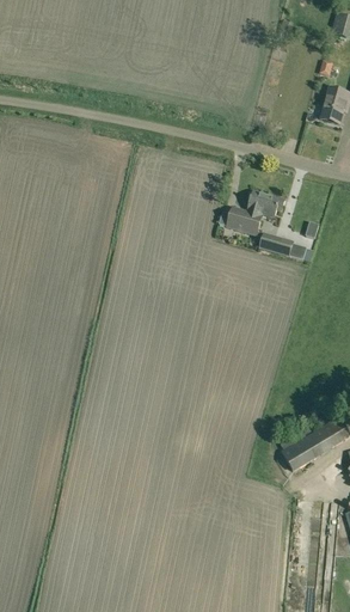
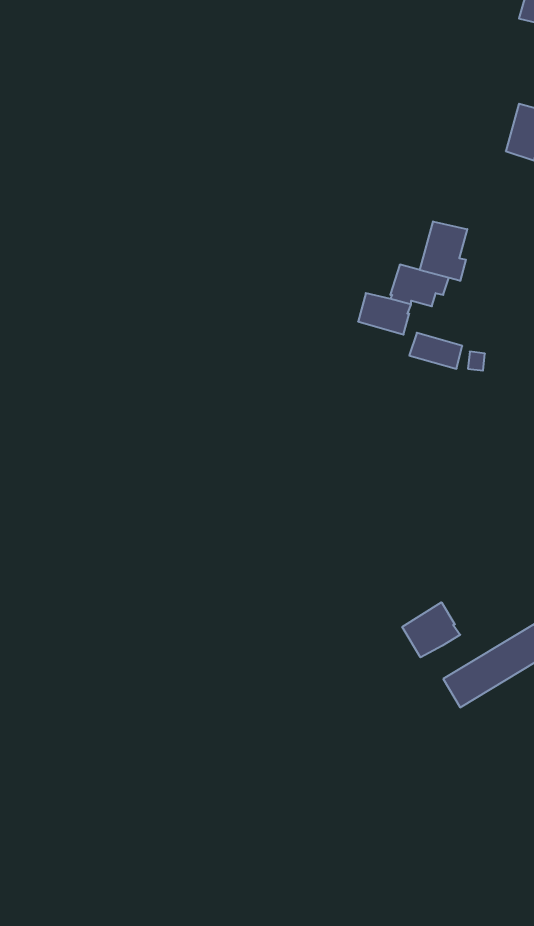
building: none -> [420,221,467,281]
building: none -> [402,602,460,657]

